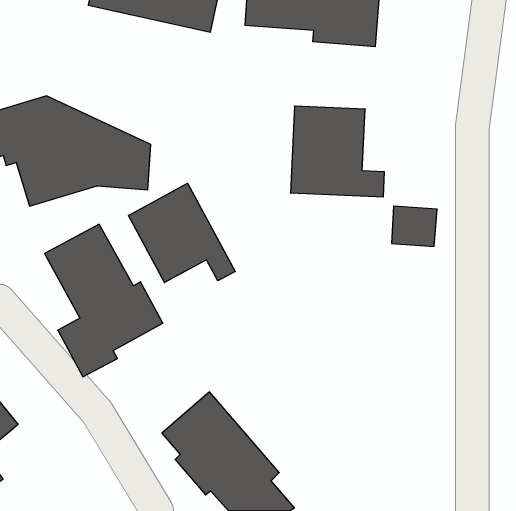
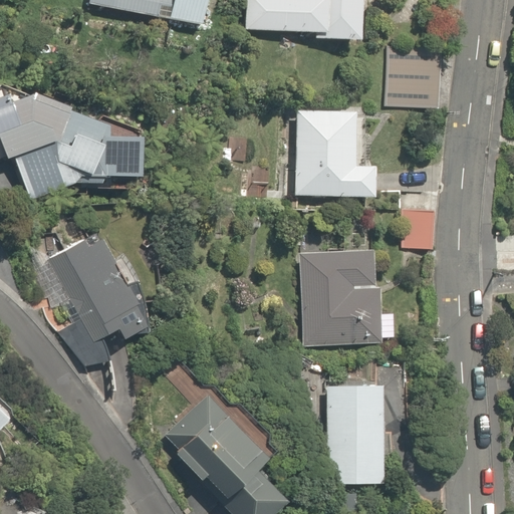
building: none -> [378,39,440,108]
building: [128,183,235,283] -> none
building: none -> [294,250,399,343]
building: none -> [305,378,391,487]

